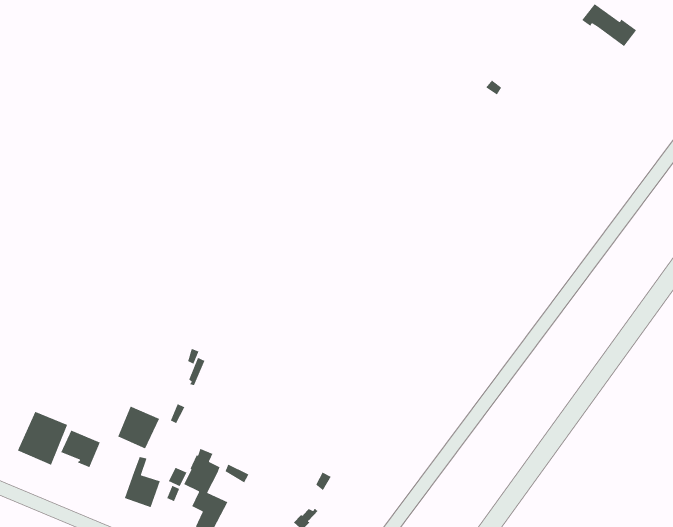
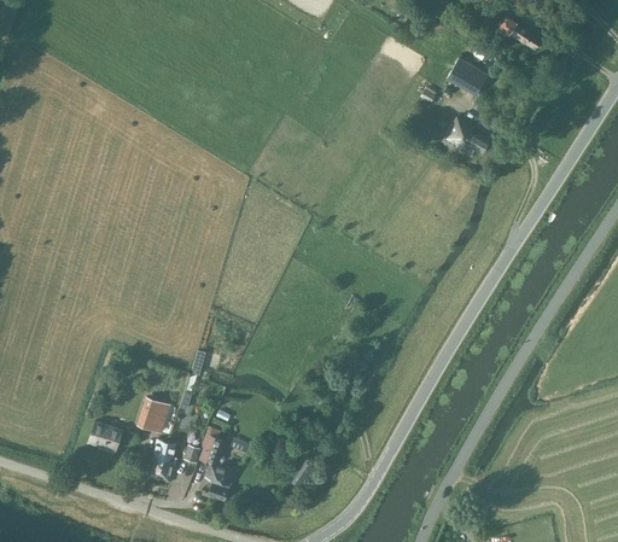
building: none -> [445,56,489,95]
building: none -> [443,116,489,155]
building: [17,411,68,466] -> none

